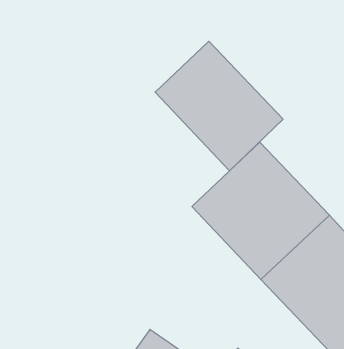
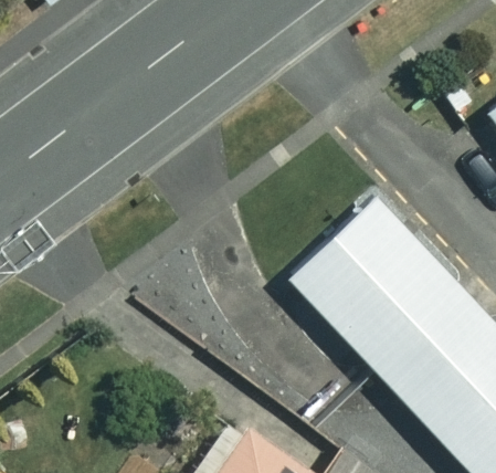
building: [155,41,283,171] -> none

